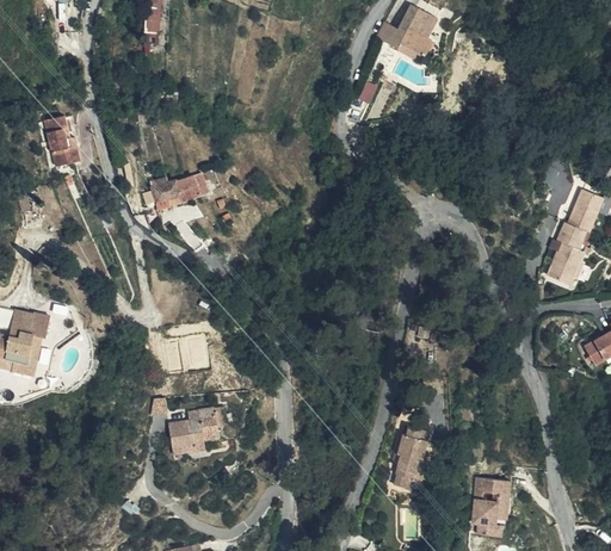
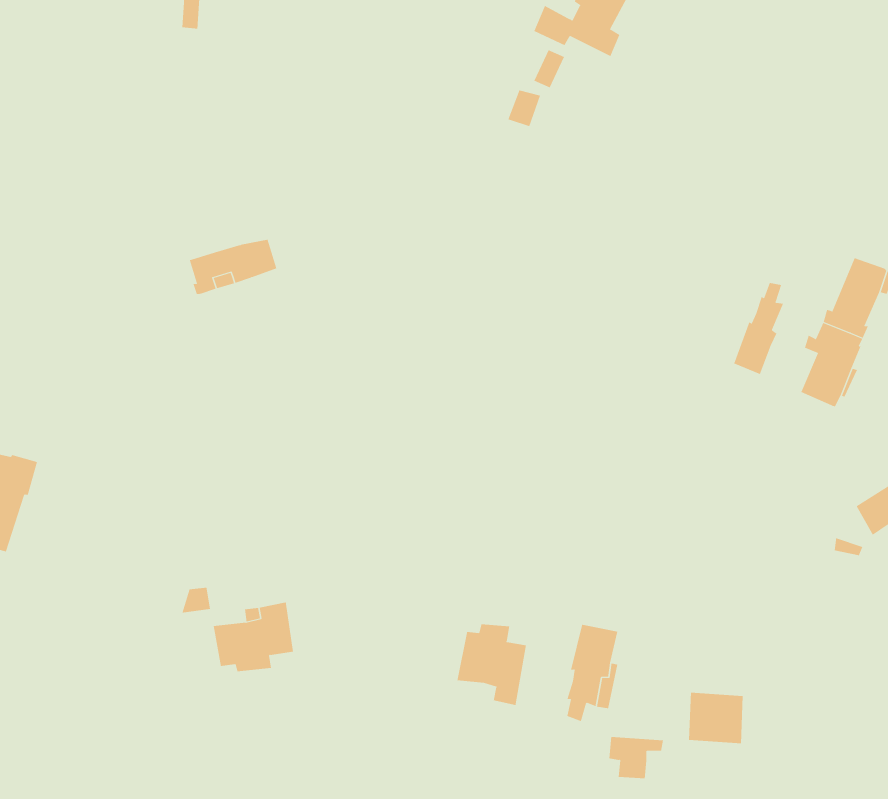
building: [48,116,78,167] -> none
building: none -> [733,282,784,375]
building: none -> [457,623,527,706]
building: [474,499,510,526] -> [609,737,664,779]

